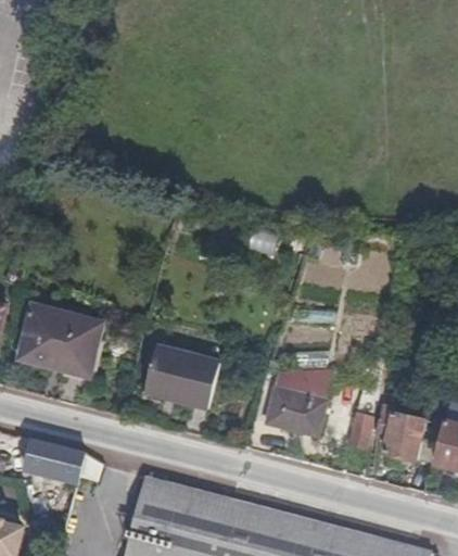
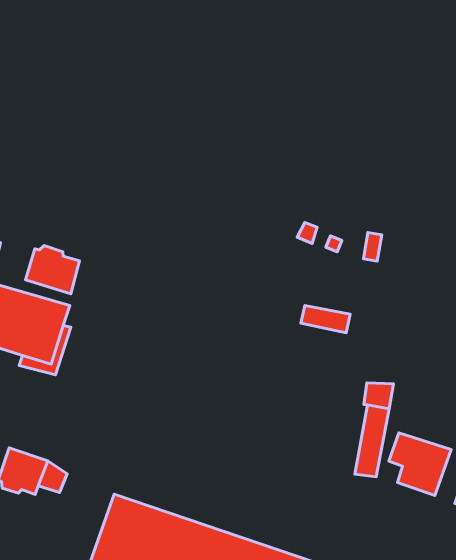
building: none -> [26,246,79,294]
building: [142,346,218,408] -> none
building: [265,368,333,433] -> none

